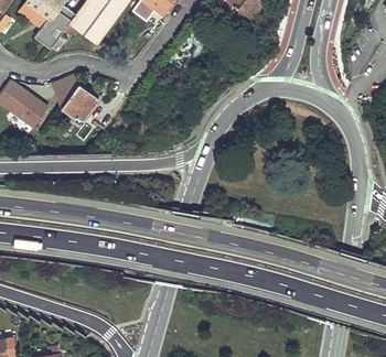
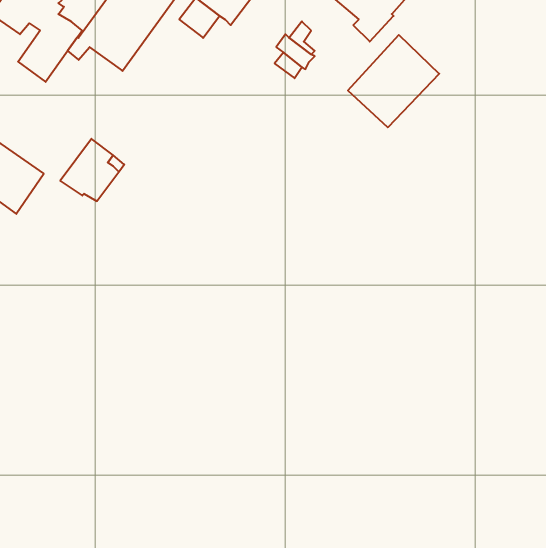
building: none -> [348,35,439,127]

